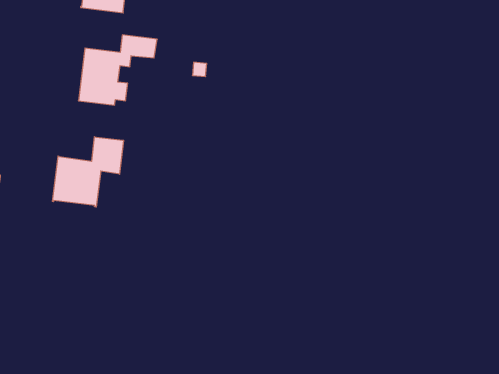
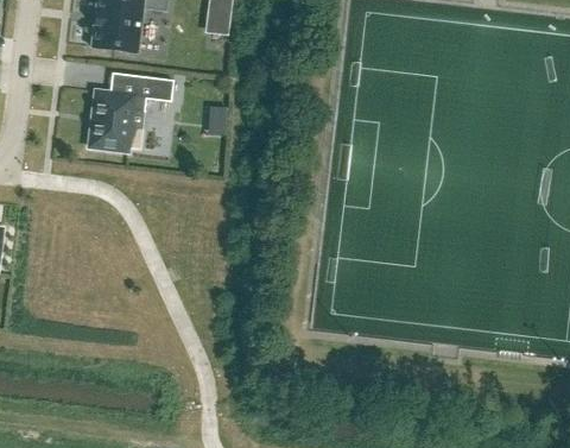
building: [52,137,124,207] -> none

